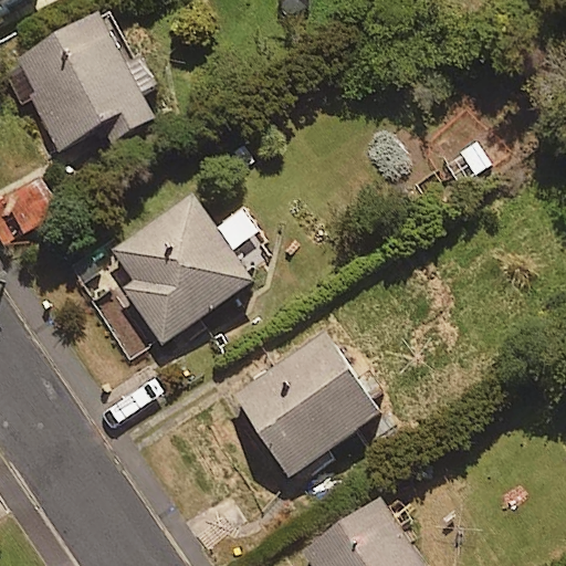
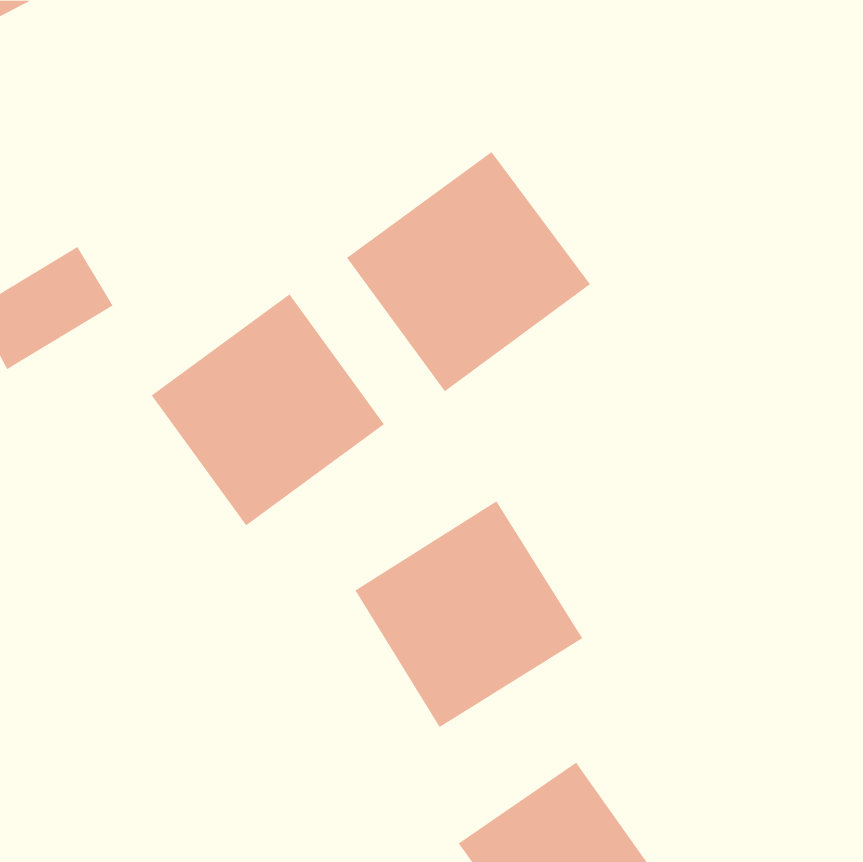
building: [8,12,159,153] -> none
building: none -> [346,151,591,392]

